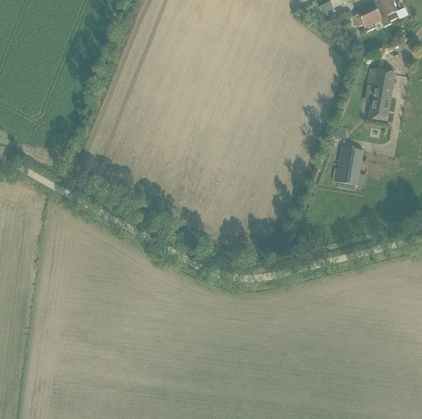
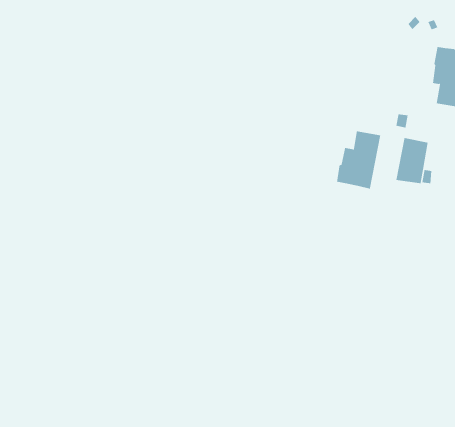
building: none -> [337,131,381,190]

